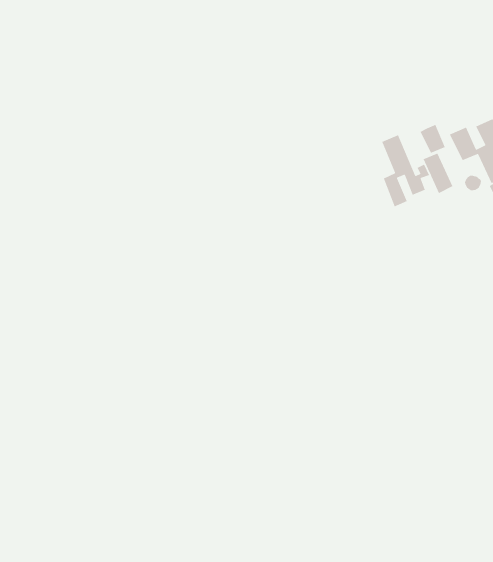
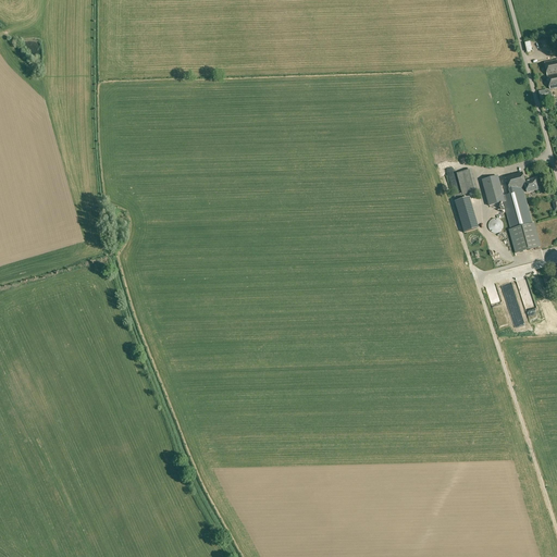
building: [381,134,430,207] -> none

